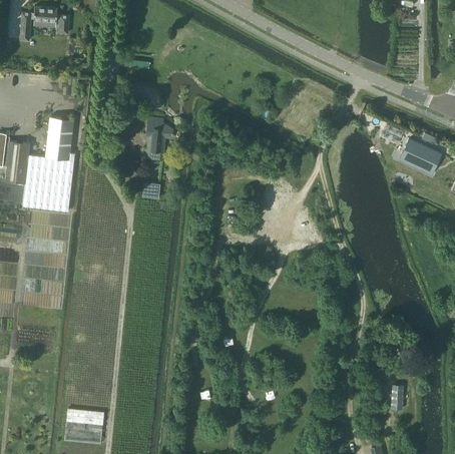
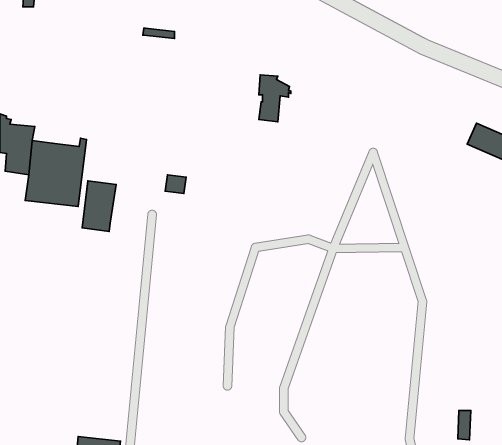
building: [45,117,74,160] -> [82,181,116,231]
building: [146,118,173,158] -> [259,75,291,122]

